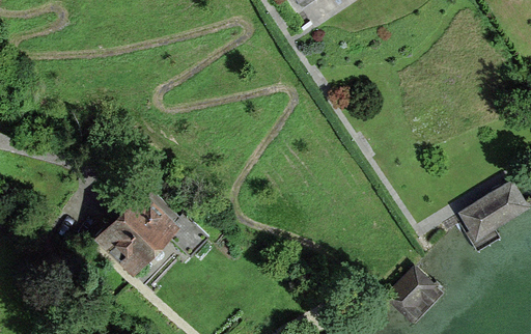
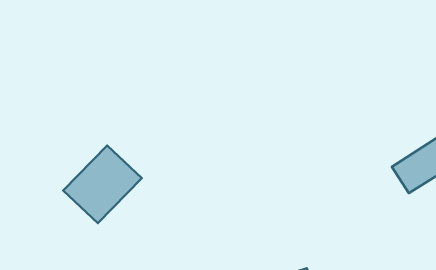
building: [383,266,443,326] -> none

